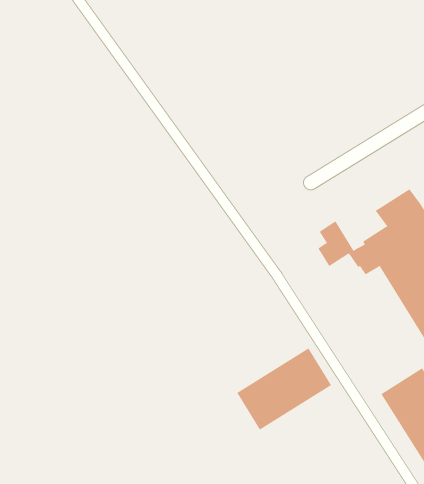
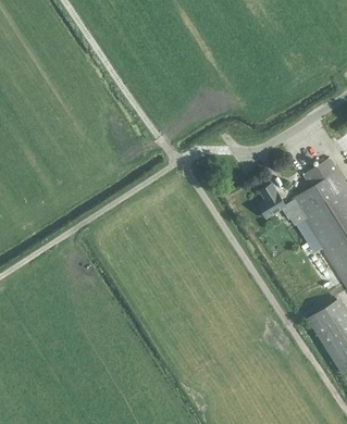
building: [236,348,332,431] -> none

